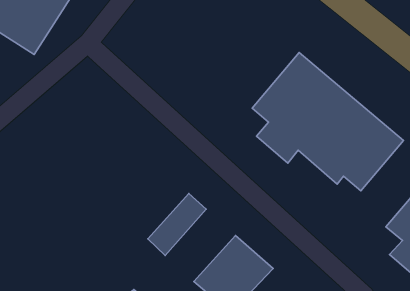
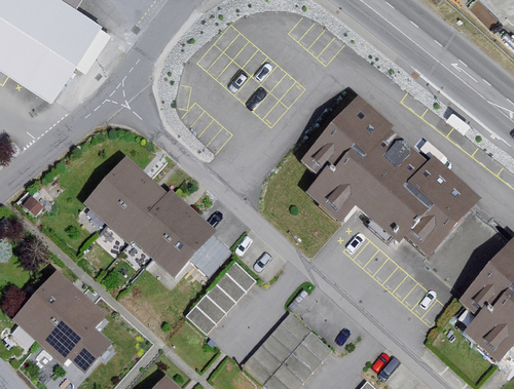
building: none -> [82,154,210,274]
building: none -> [13,271,109,369]

